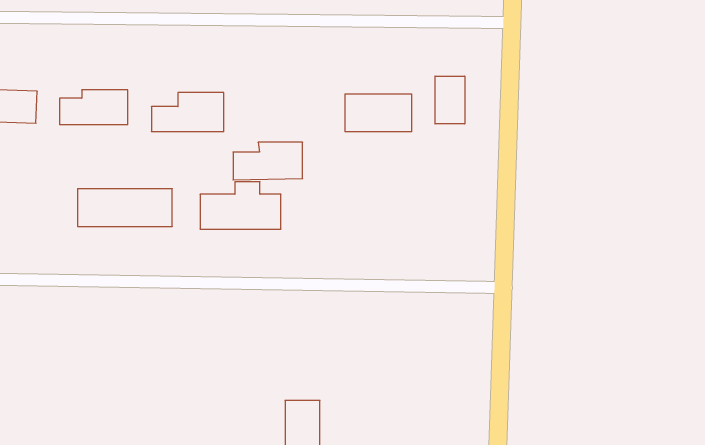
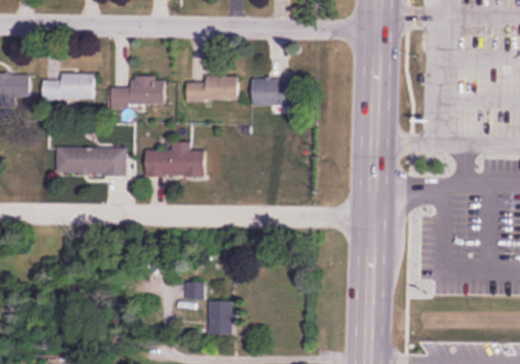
building: [435,76,465,124] -> none
building: [233,142,303,180] -> [187,75,238,103]
building: none -> [186,280,205,300]

